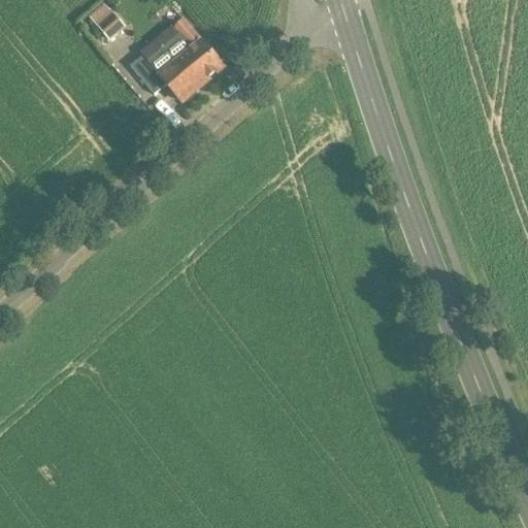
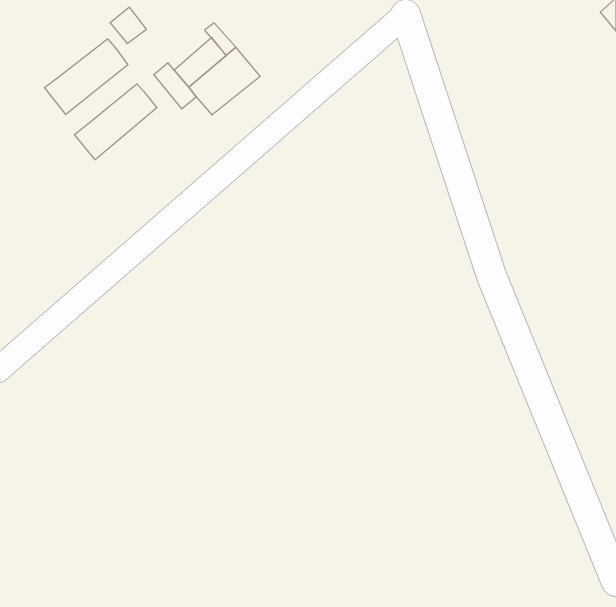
building: none -> [45,39,128,115]
building: none -> [75,84,157,160]

